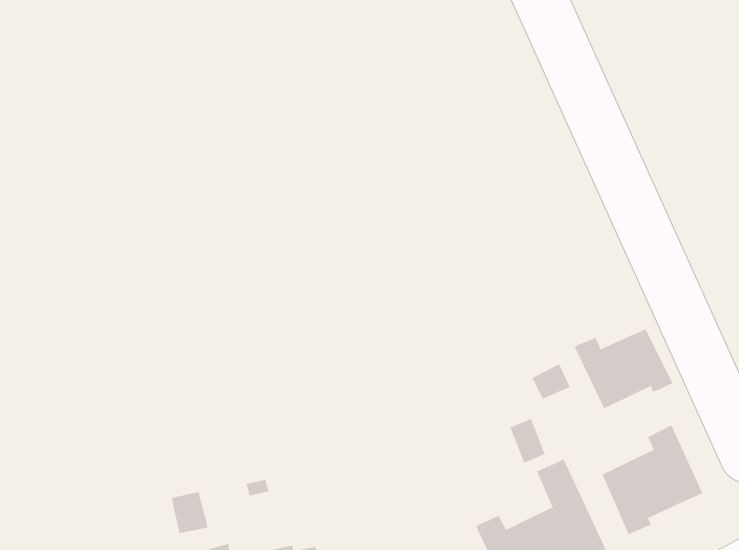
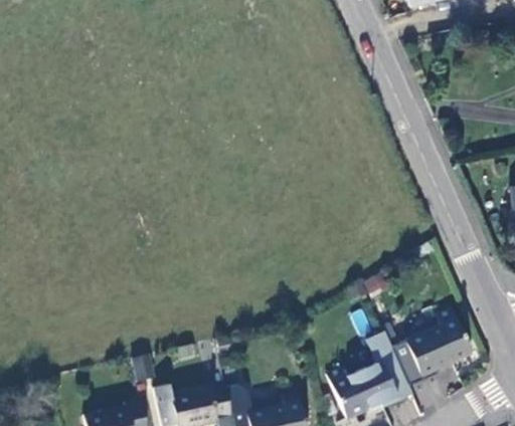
building: [574,328,673,409] -> none

